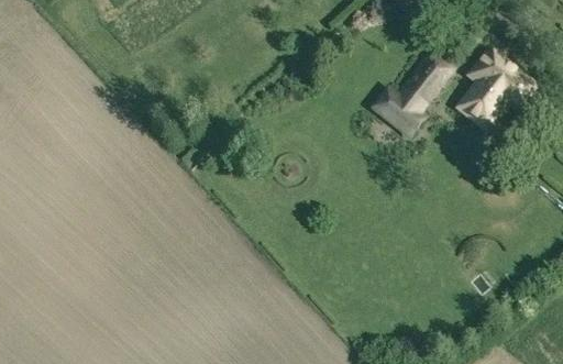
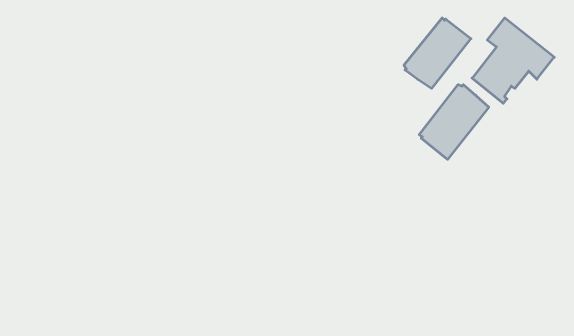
building: none -> [419,85,489,159]

